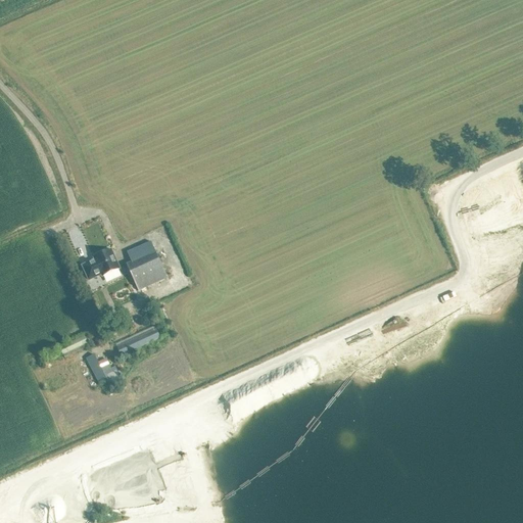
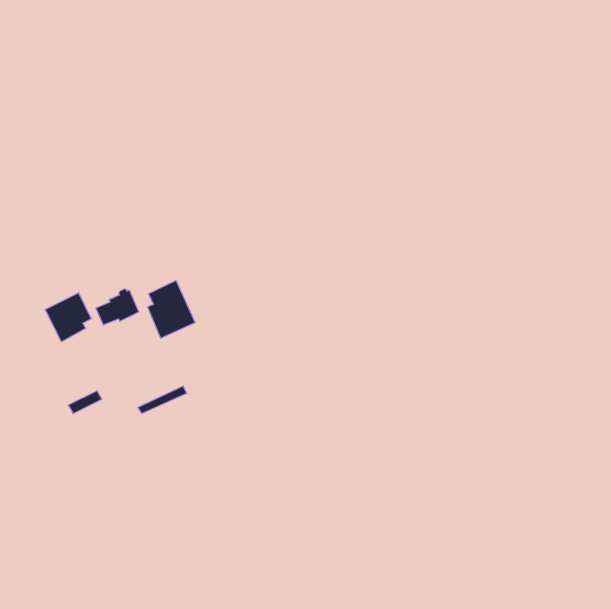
building: none -> [45,293,91,342]
building: [86,352,118,383] -> none

